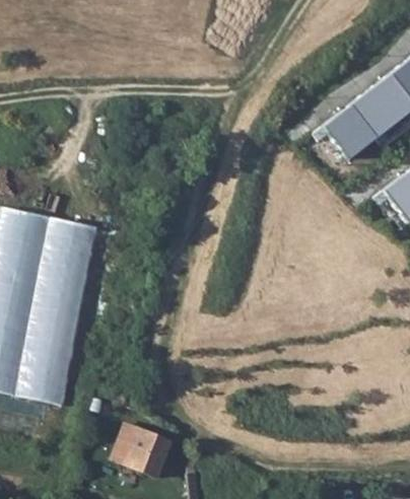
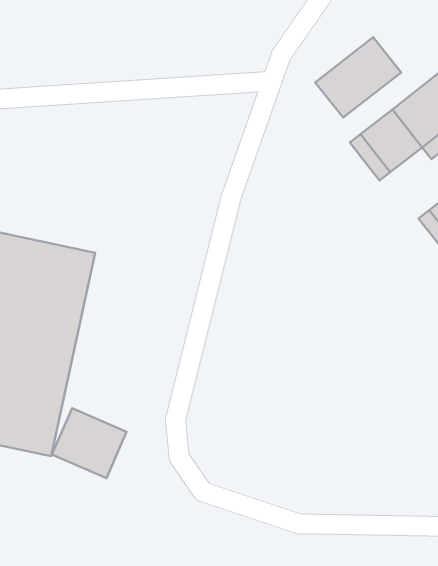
building: none -> [315,37,401,118]
building: [105,419,168,479] -> [52,408,127,478]

